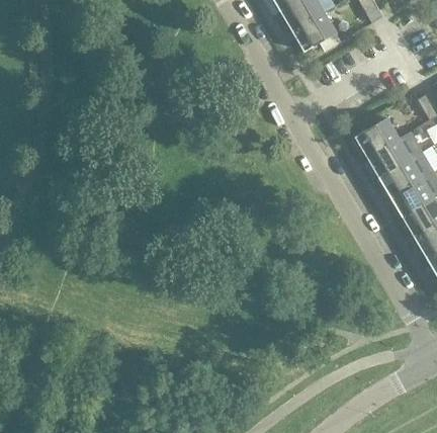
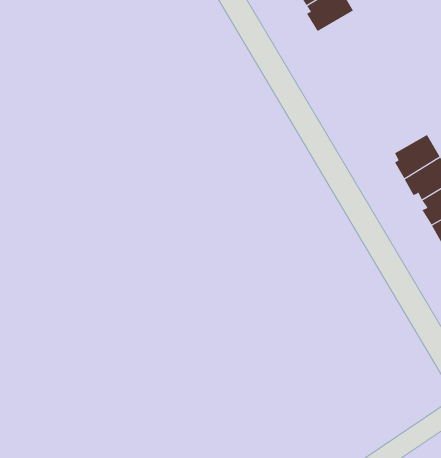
building: [355,116,400,154] -> none

